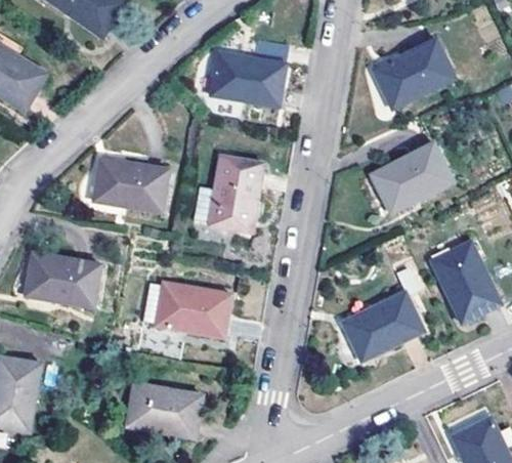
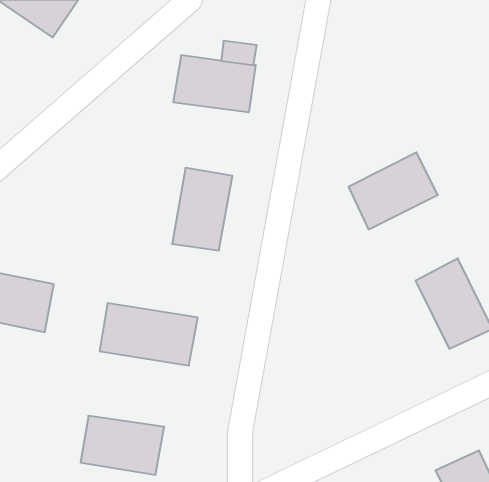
building: [374,36,455,107] -> none
building: [93,158,169,213] -> none
building: [342,290,425,361] -> none

